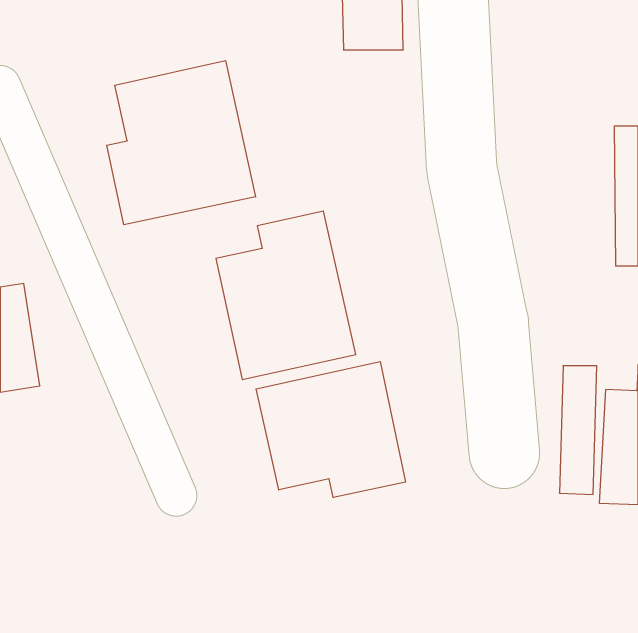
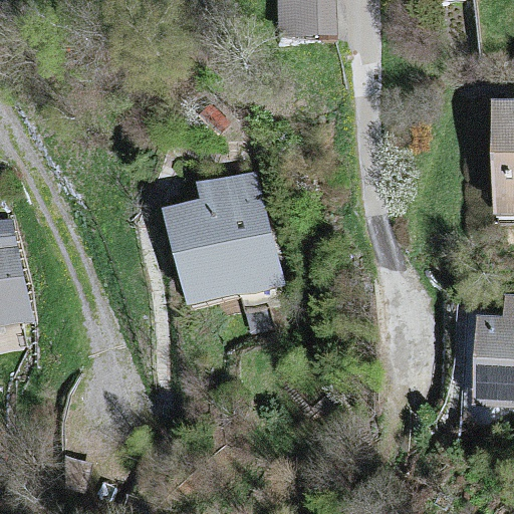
building: [107,61,256,225] -> none
building: [256,362,406,498] -> none

